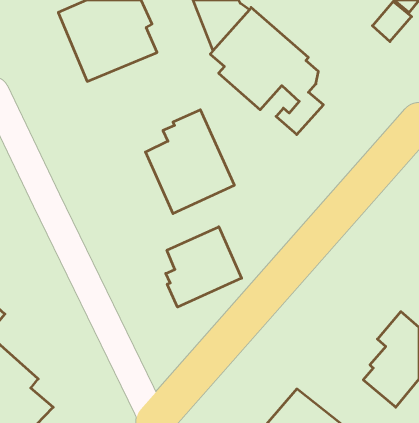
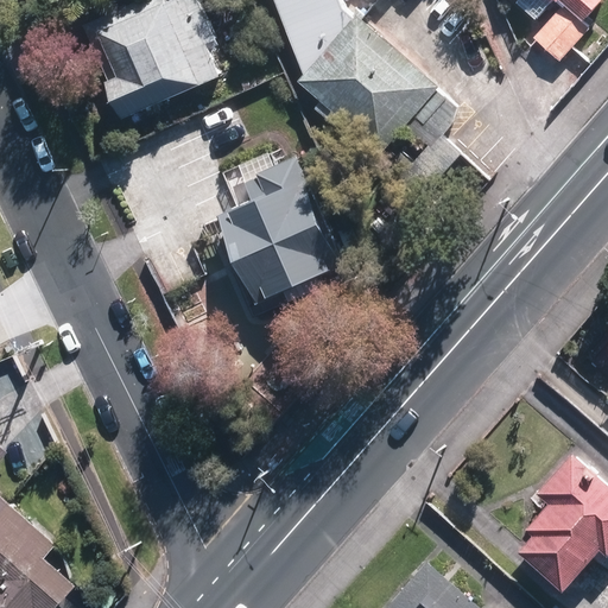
building: [166,227,242,307] -> none

